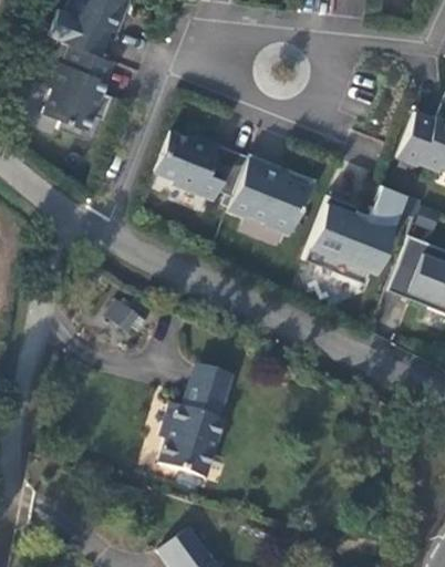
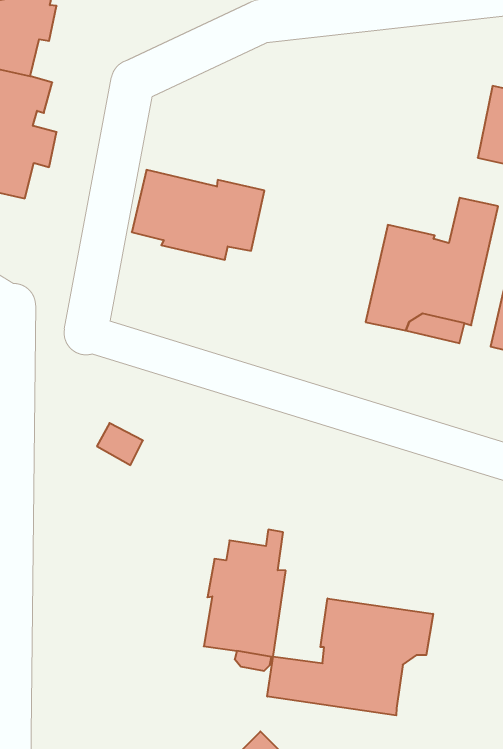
building: [228,153,317,233] -> none
building: [188,365,232,402] -> none
building: none -> [267,598,433,715]

